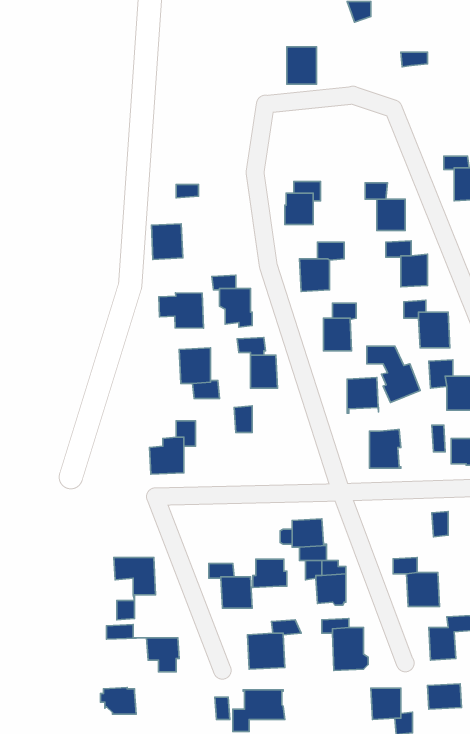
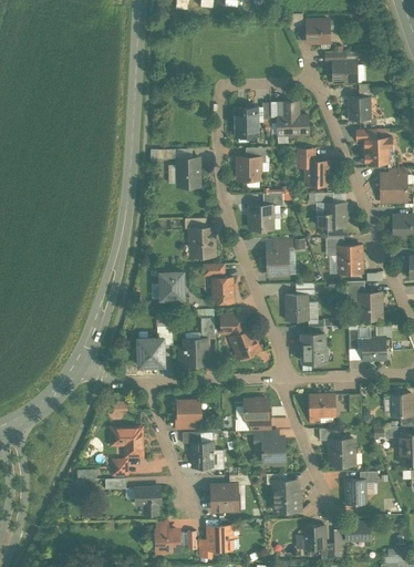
building: none -> [307,20,330,43]
building: [287,47,317,84] -> [236,109,258,136]
building: none -> [333,61,356,84]
building: none -> [349,97,371,121]
building: none -> [278,103,309,135]
building: [152,224,183,259] -> [177,158,200,185]
building: [159,293,204,328] -> none
building: [367,346,420,403] -> [221,316,261,358]
building: none -> [180,339,208,365]
building: none -> [310,395,335,423]
building: [253,559,287,588] -> [176,402,201,423]
building: [100,687,136,714] -> [154,530,180,550]

